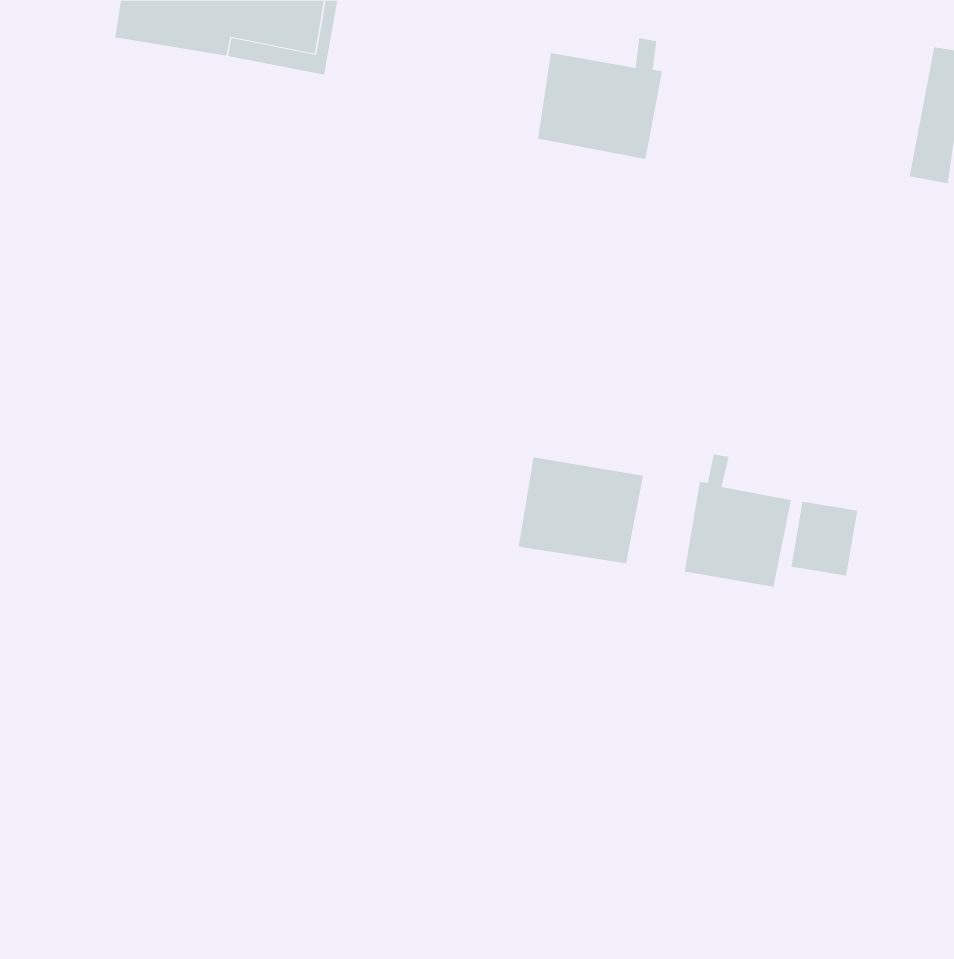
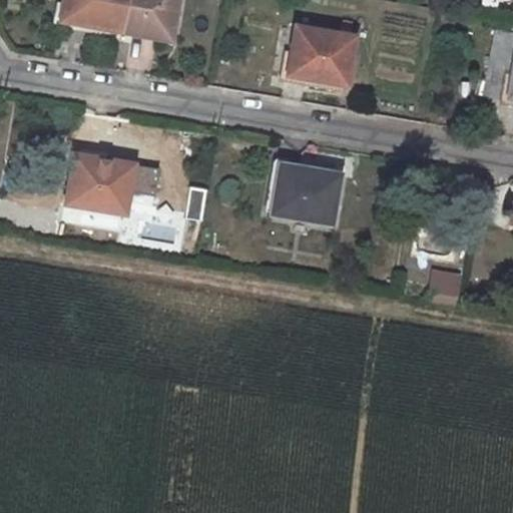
building: none -> [68,154,134,212]
building: [684,454,792,588] -> none
building: [518,457,644,564] -> [274,165,341,222]

